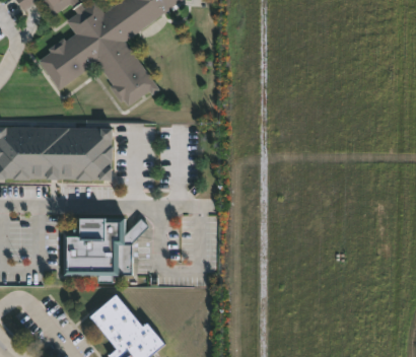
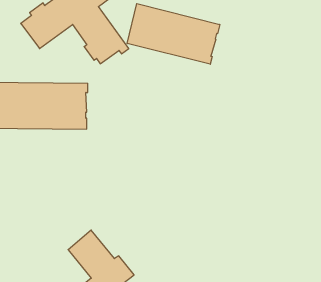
building: none -> [127,4,220,64]
building: [63,218,149,283] -> none

